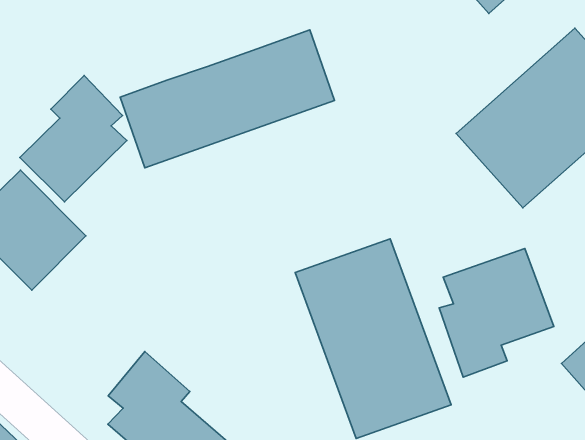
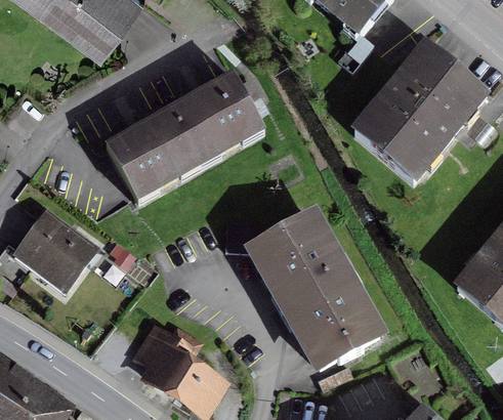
building: [20,76,127,202] -> none
building: [439,249,554,377] -> none

